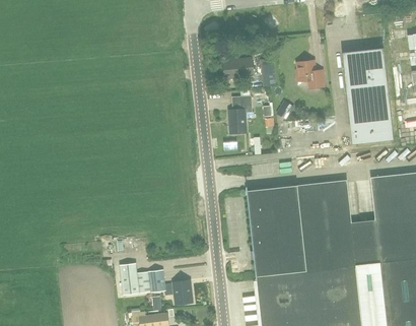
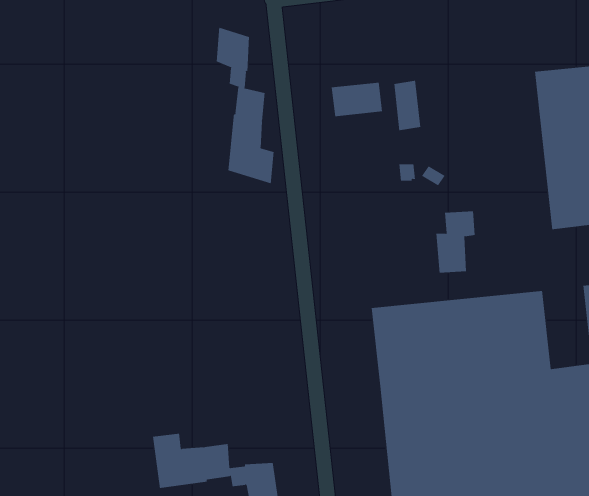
building: none -> [216,27,274,184]
building: [296,60,324,87] -> none
building: [228,96,252,133] -> [435,211,475,273]

